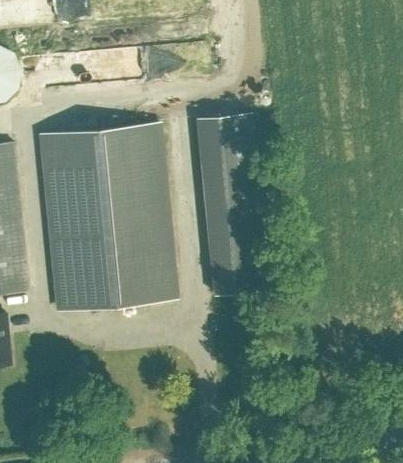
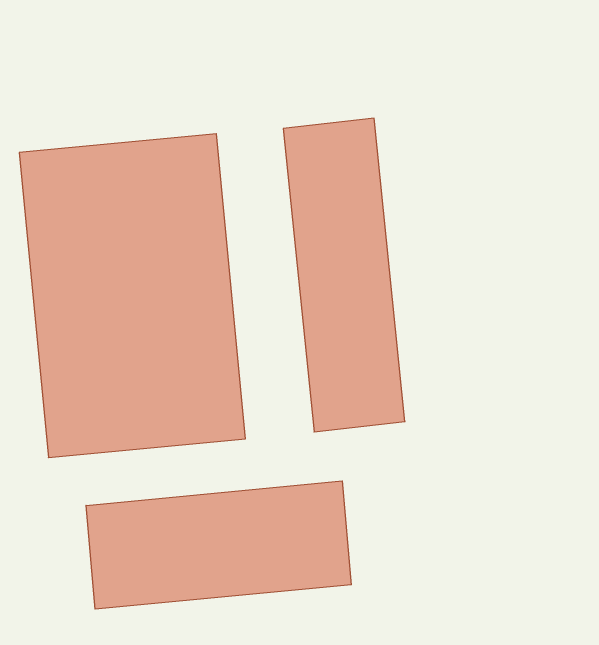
building: none -> [86,481,351,609]

